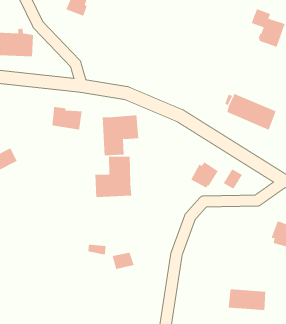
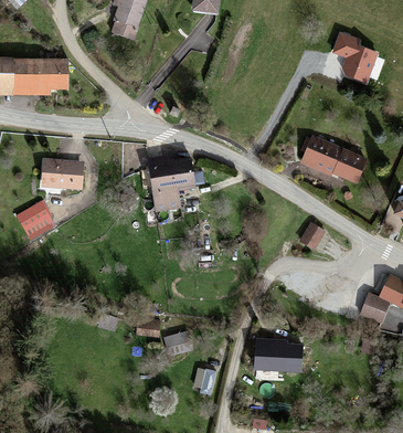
building: [52,106,83,130] -> [44,163,82,192]
building: [95,156,132,198] -> none
building: [190,162,219,189] -> none
building: [228,289,266,311] -> [252,342,298,369]

